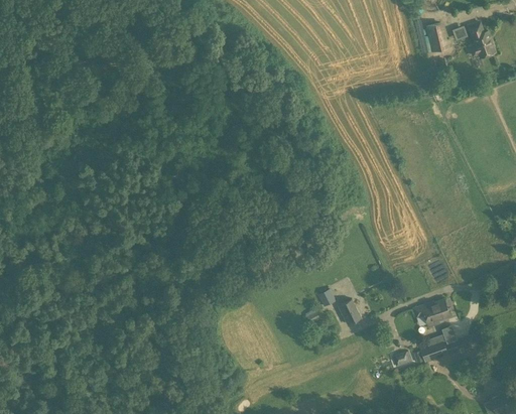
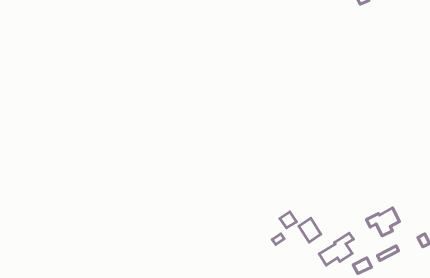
building: none -> [319,233,353,265]

